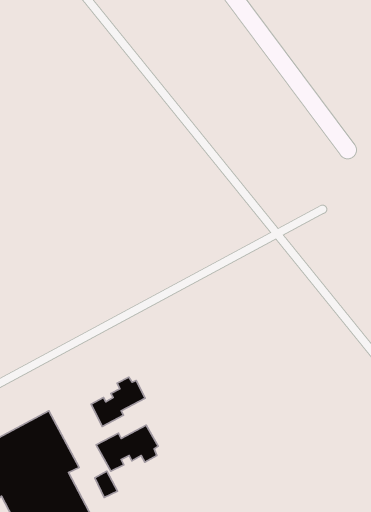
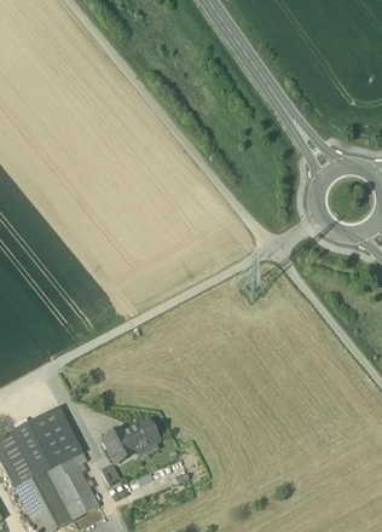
building: [91,377,145,426] -> none

